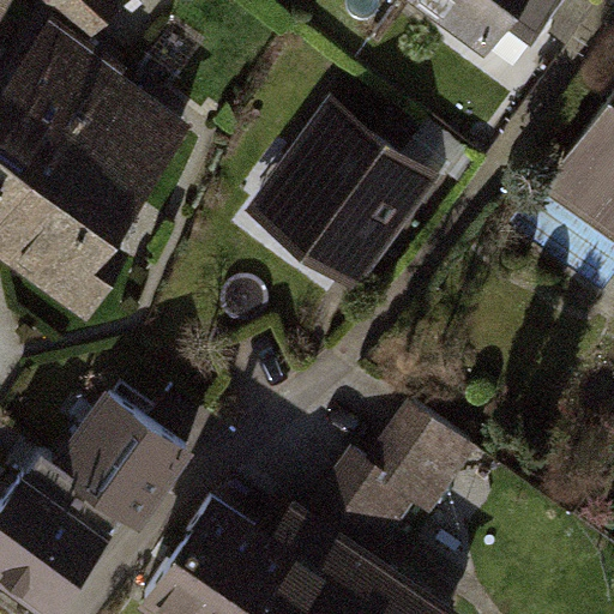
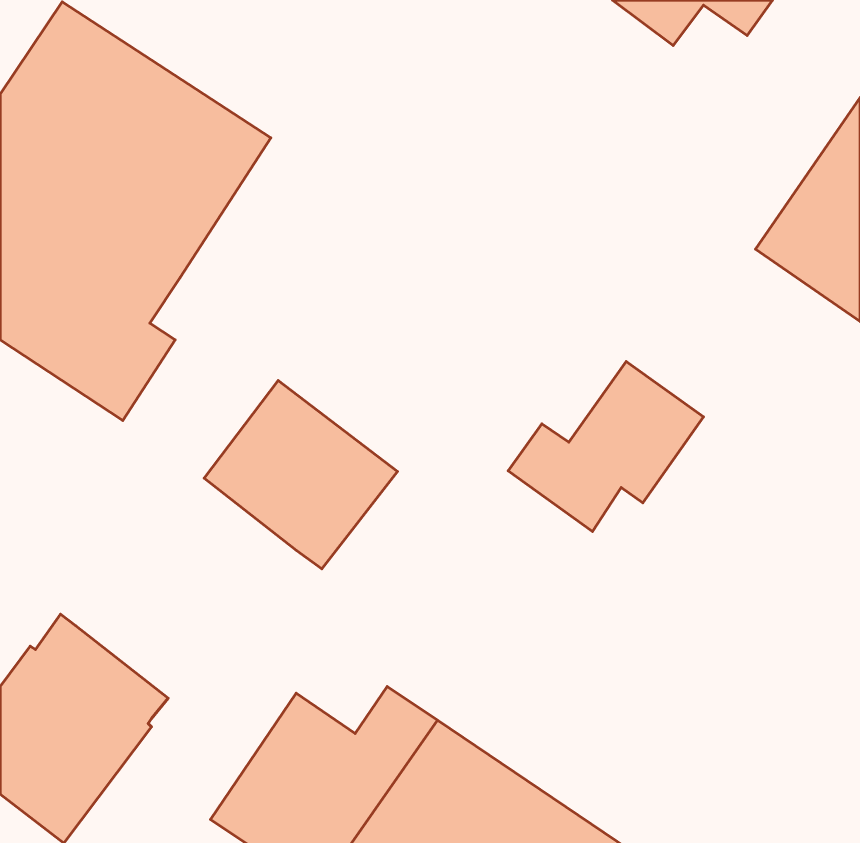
building: [258,121,433,300] -> none
building: [54,389,192,523] -> [204,381,398,569]
building: [330,409,469,530] -> [508,361,703,531]

